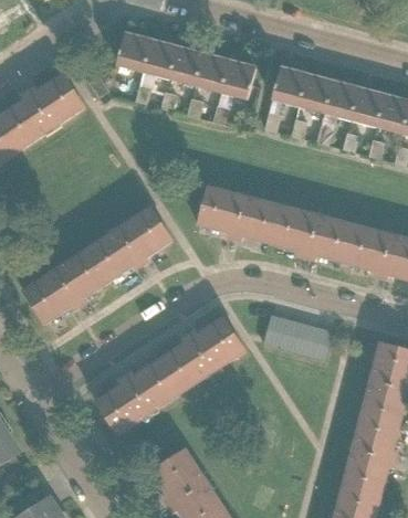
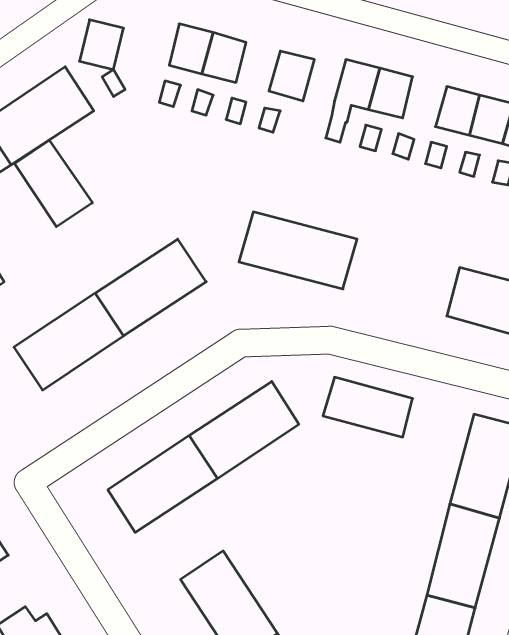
building: [116,33,150,72] -> [79,20,124,70]
building: [195,54,229,92] -> none
building: [324,81,358,119] -> none
building: none -> [14,140,92,227]
building: [278,207,368,266] -> none

